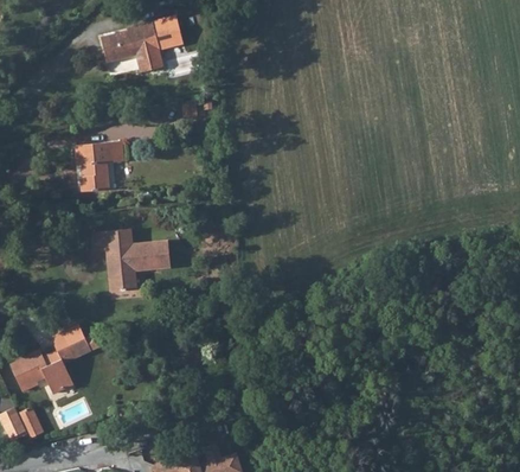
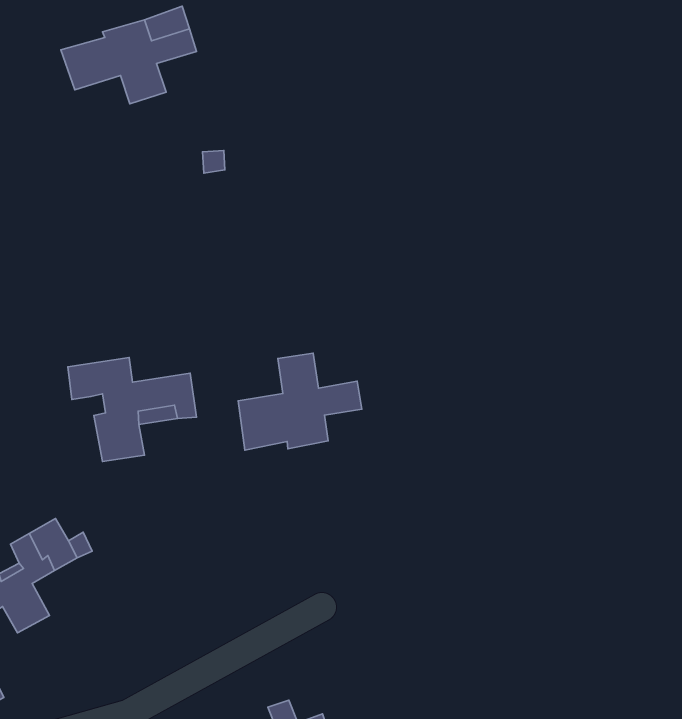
building: [76,142,124,192] -> none
building: none -> [238,353,362,450]

